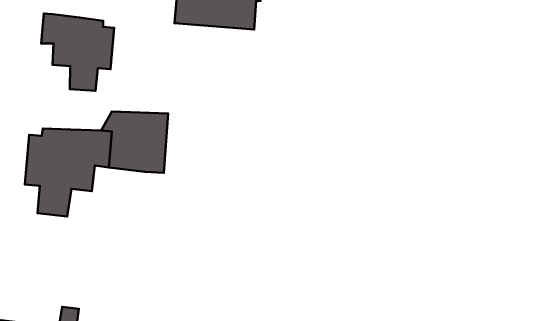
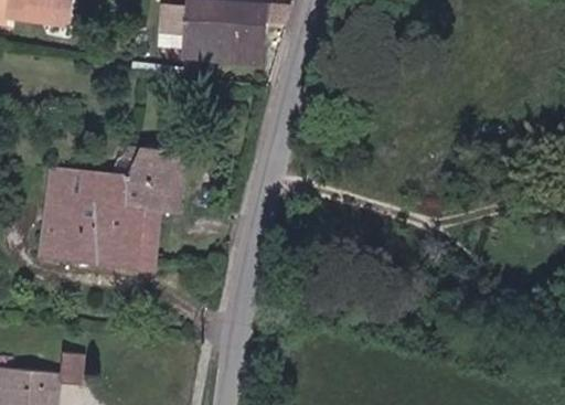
building: [41,13,114,91] -> none
building: none -> [73,206,153,270]

